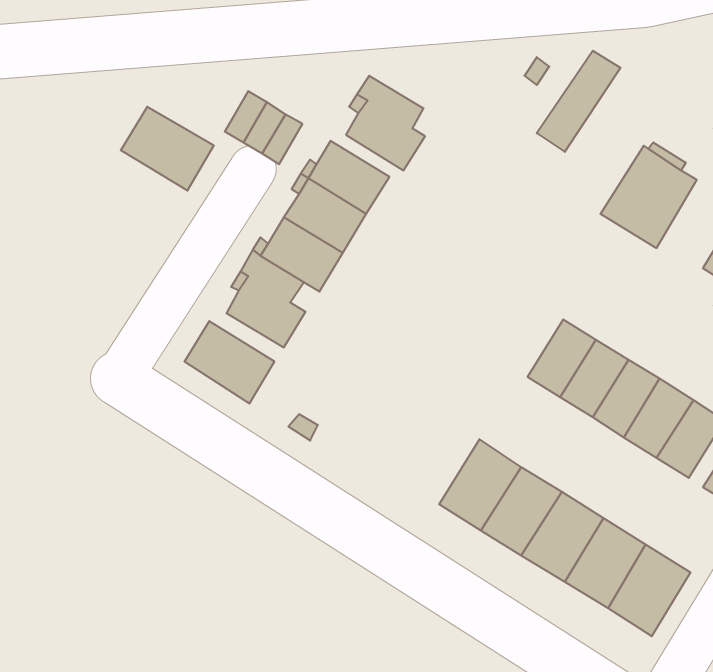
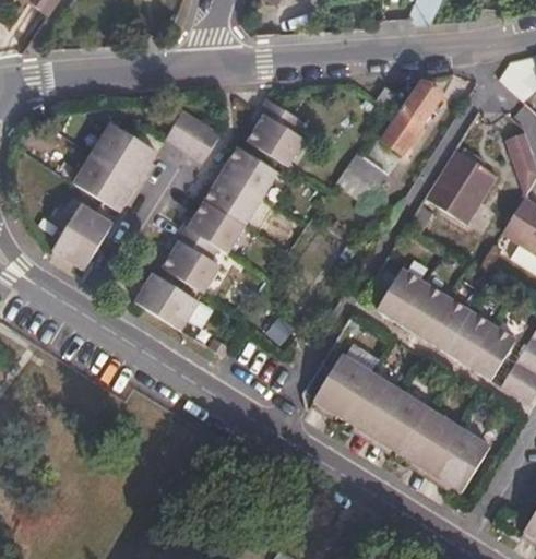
building: none -> [73,152,139,211]
building: none -> [336,155,386,203]
building: none -> [52,202,114,269]

